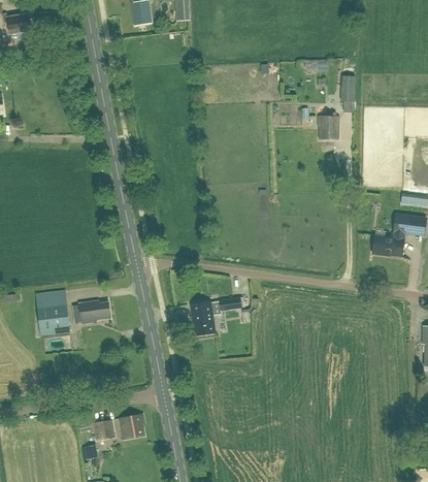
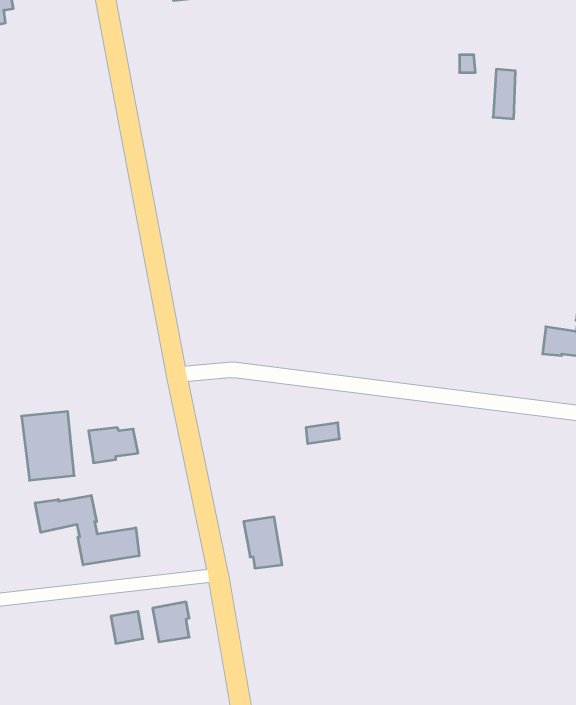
building: [317,116,338,139] -> none
building: [190,301,215,334] -> [244,517,282,568]
building: none -> [35,495,139,565]

